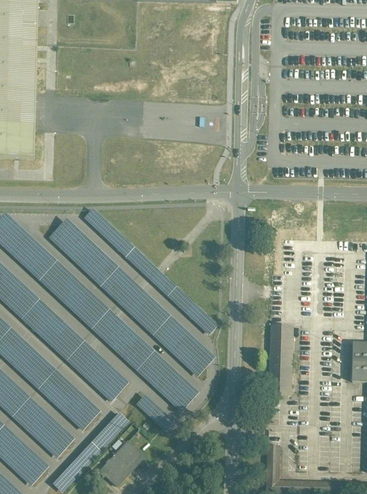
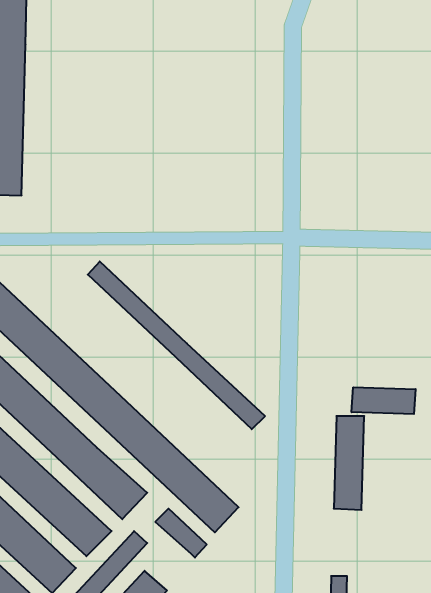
building: [47,217,213,376] -> none
building: none -> [352,387,416,414]

